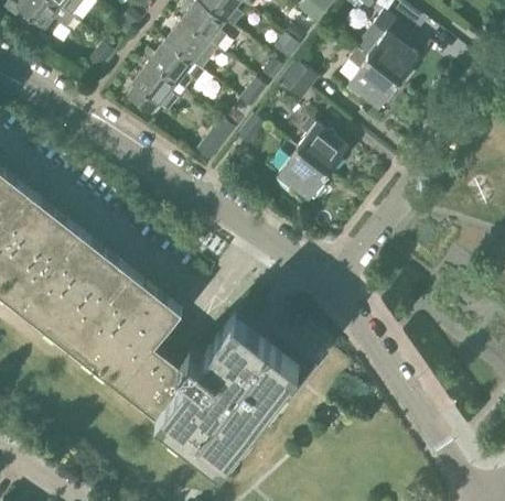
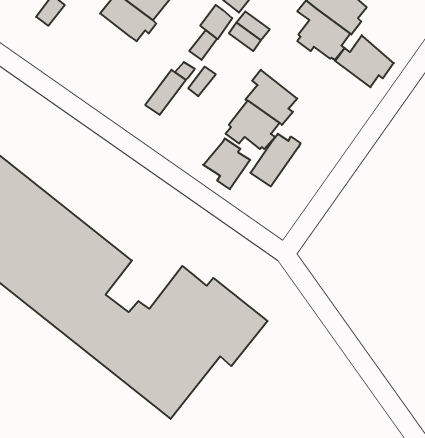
building: [127,63,179,116] -> none
building: none -> [335,35,394,87]
building: none -> [250,134,300,186]
building: none -> [203,138,250,189]

